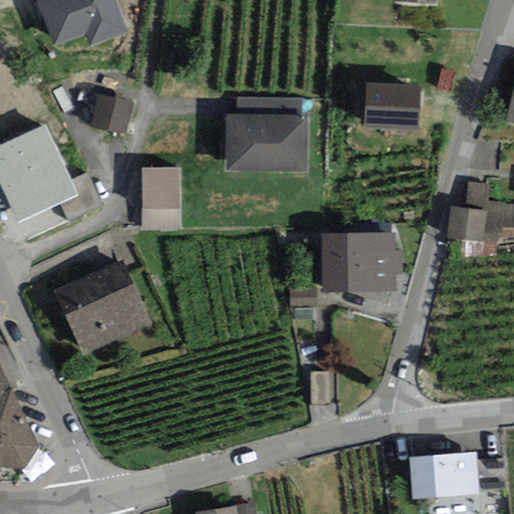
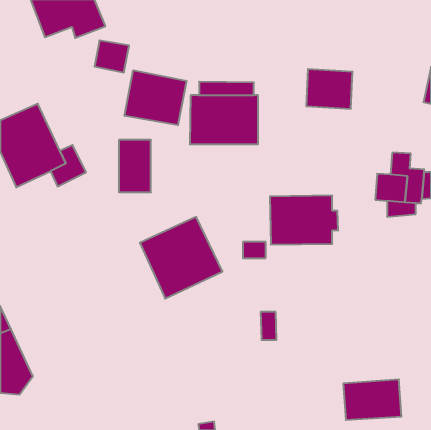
building: none -> [125,70,186,125]
building: [91,96,133,135] -> [94,40,129,72]
building: [53,258,152,355] -> [140,217,222,299]

